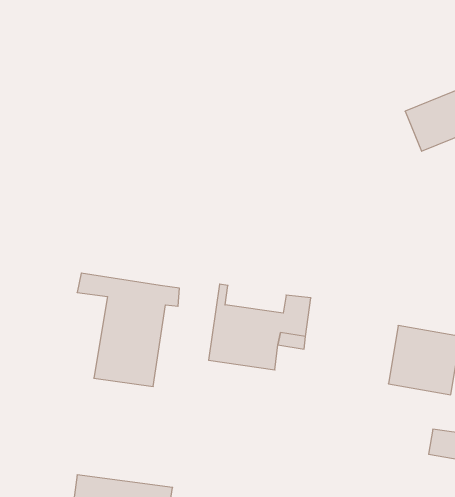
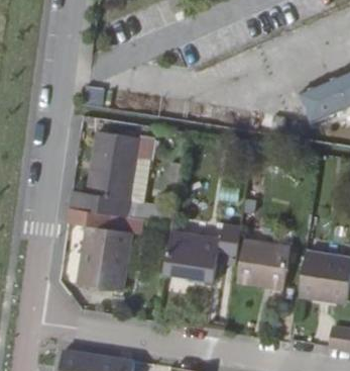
building: none -> [70,131,153,215]
building: none -> [234,234,287,284]

